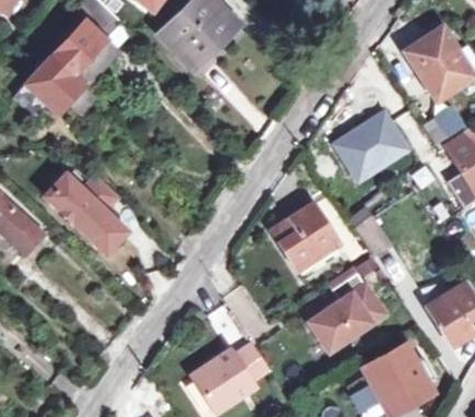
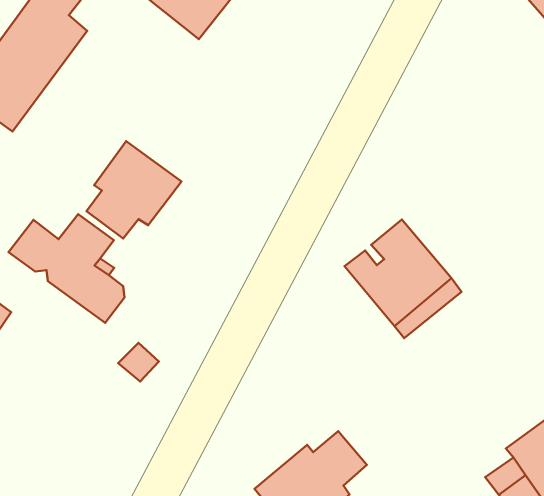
building: [333,112,408,182] -> none
building: none -> [87,141,182,238]
building: [310,269,384,352] -> none

